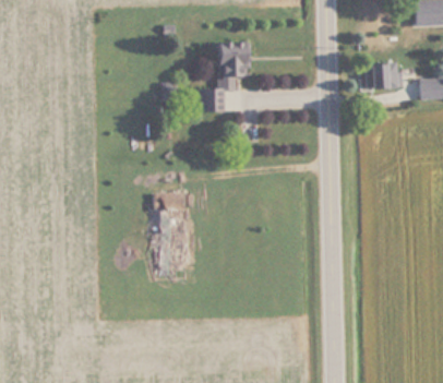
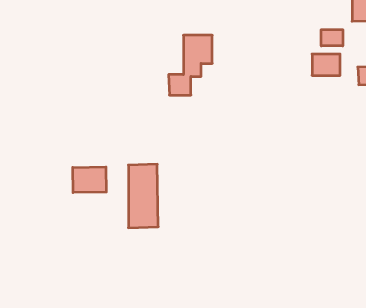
building: none -> [321,30,343,46]
building: none -> [73,167,106,193]

